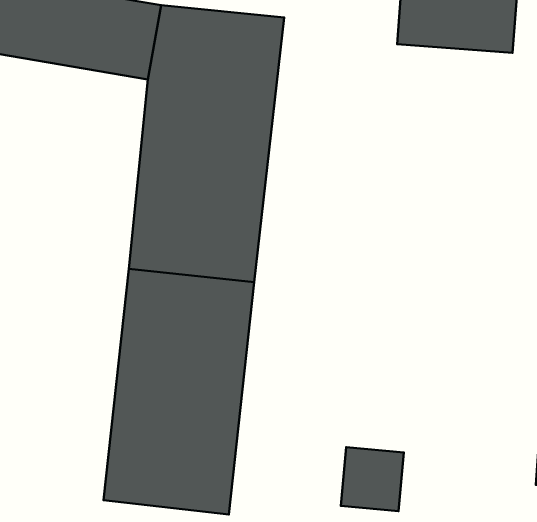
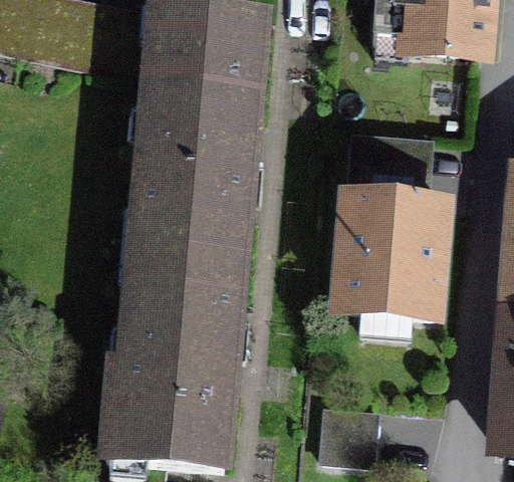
building: none -> [336,134,448,320]

